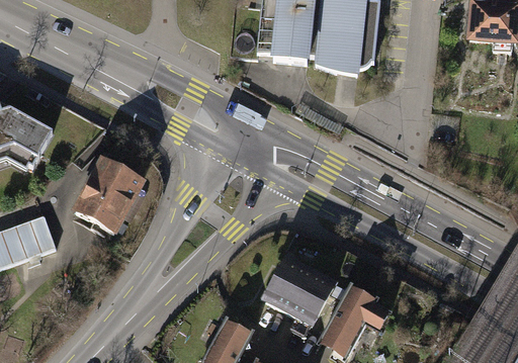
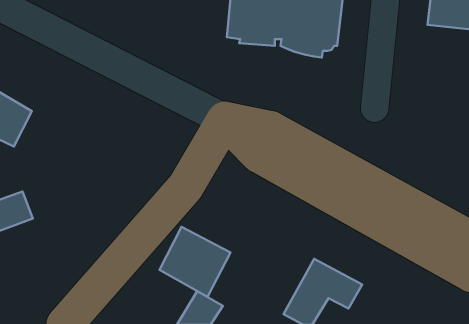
building: [73,159,147,239] -> none
building: [264,257,339,331] -> [160,227,231,297]

